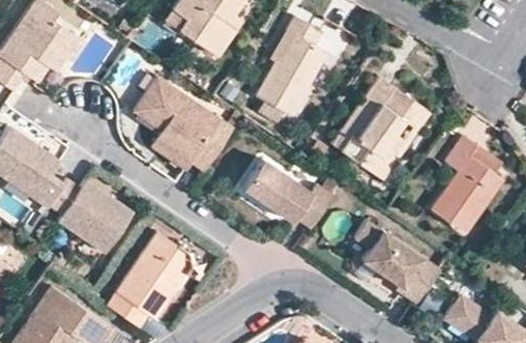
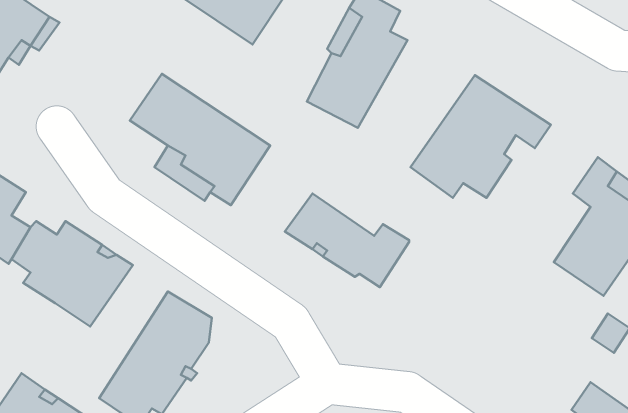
building: [361,120,419,179] -> none
building: [349,220,437,302] -> none

